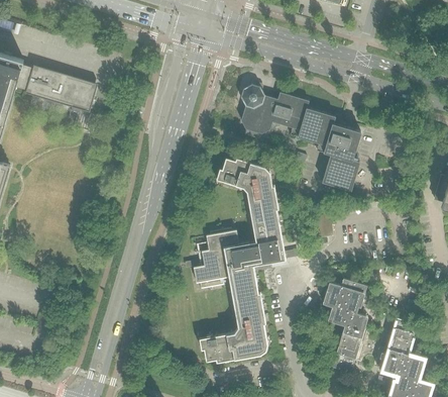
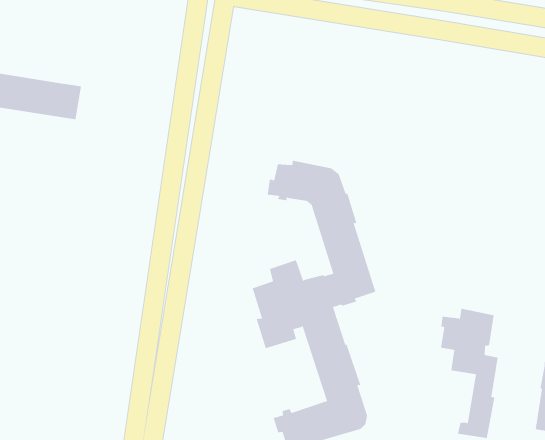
building: [240,83,360,190] -> none

